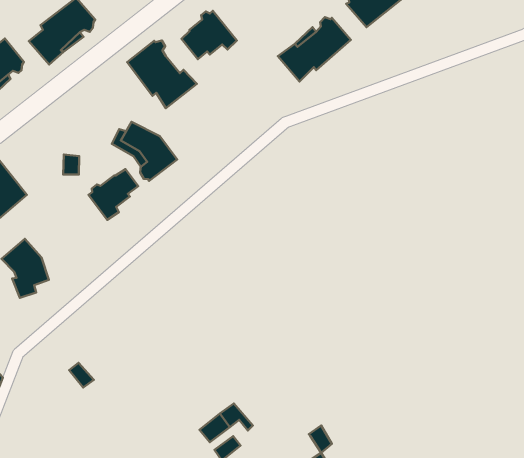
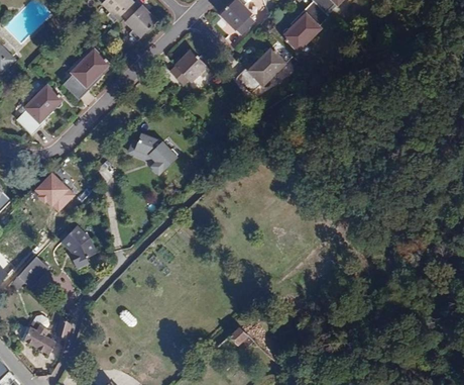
building: [127,41,197,108] -> none
building: [89,169,138,220] -> none

